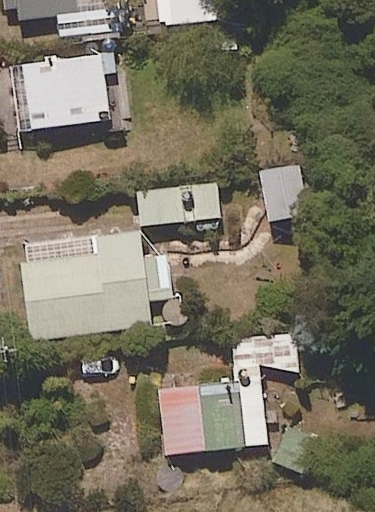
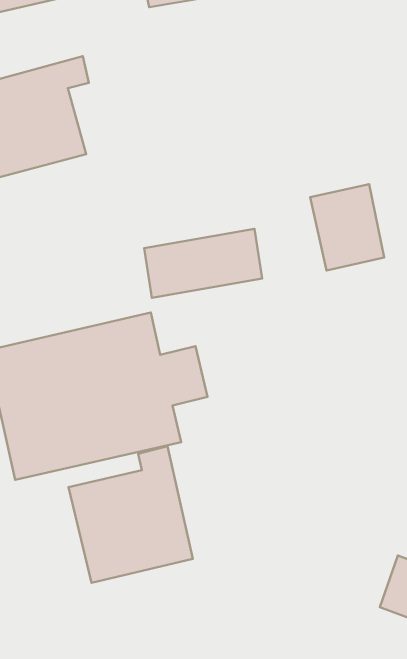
building: none -> [68,446,193,583]
building: [159,334,298,454] -> none

